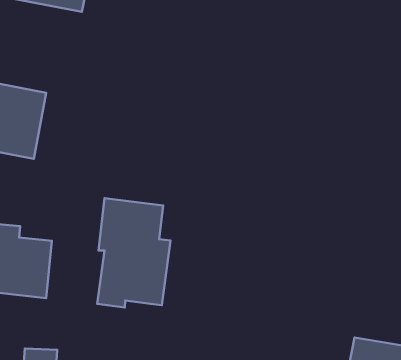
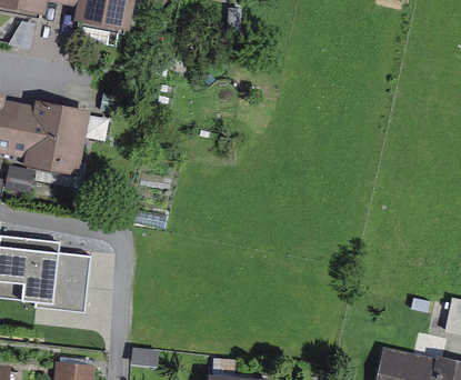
building: [97,198,171,308] -> none

